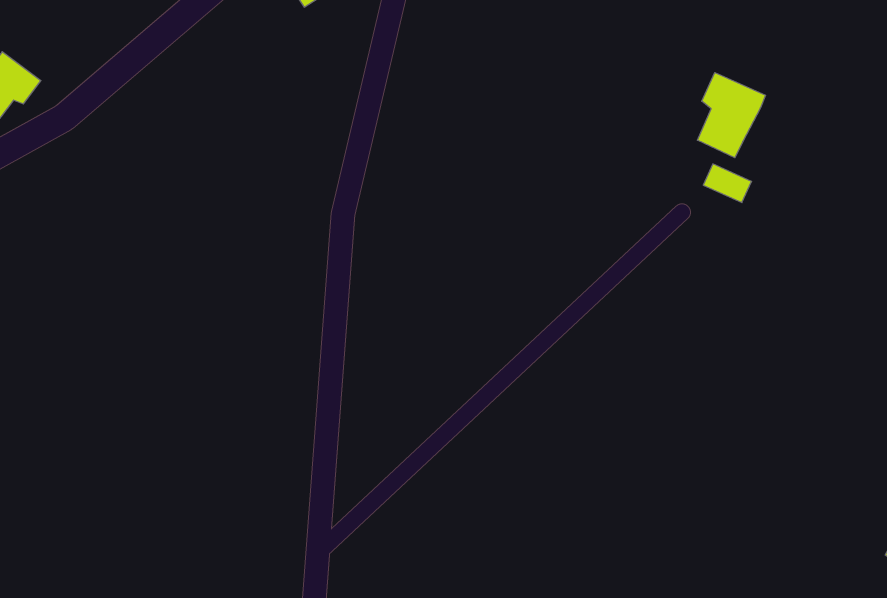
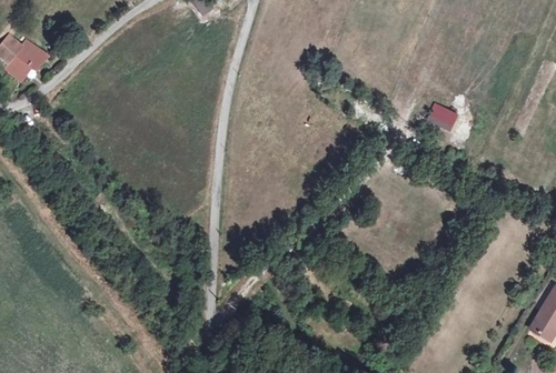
building: [697,73,766,158] -> none

